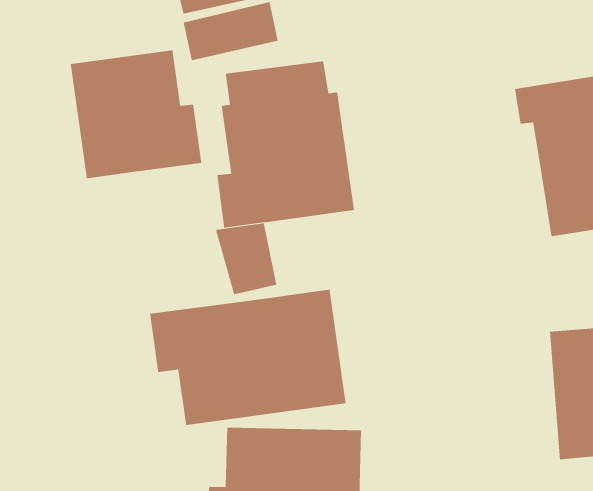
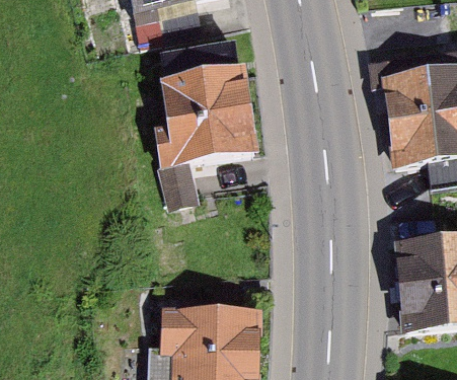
building: [70,49,202,179] -> none
building: [150,289,346,426] -> none

